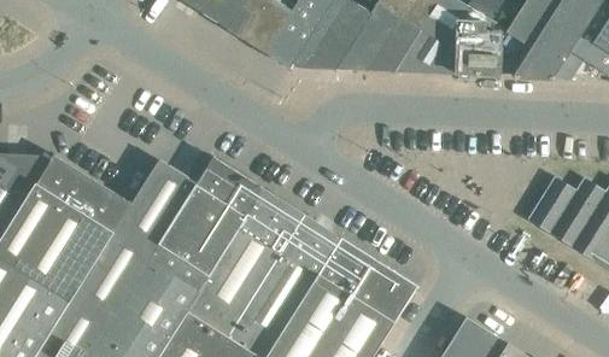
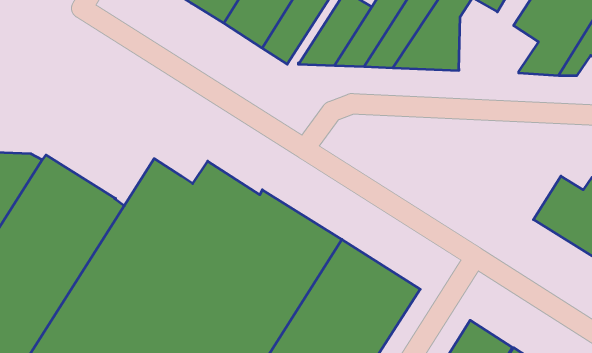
building: [455,23,504,75] -> none

